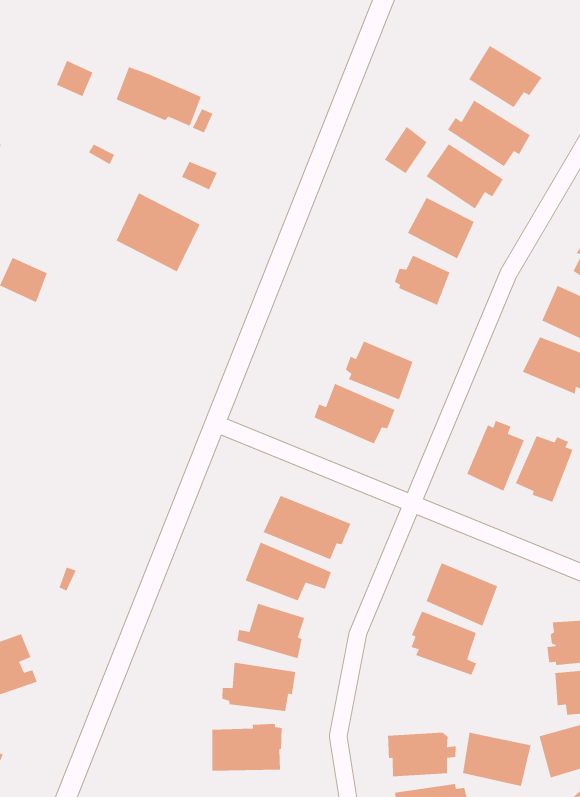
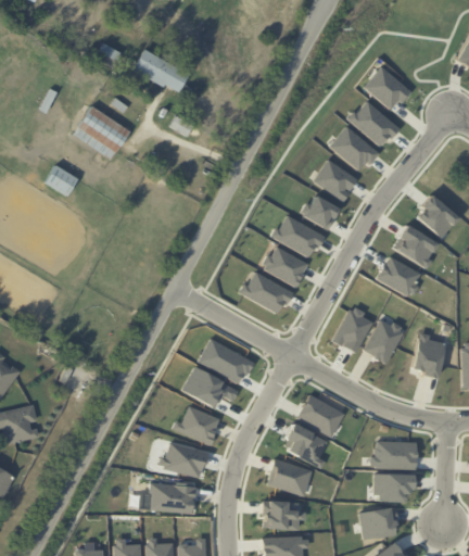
building: [384,126,428,174] -> none
building: [116,192,200,272] -> [76,106,131,161]
building: none -> [270,214,324,256]
building: [462,732,532,787] -> [266,457,313,496]

